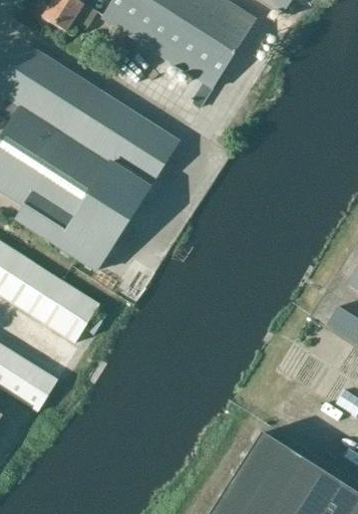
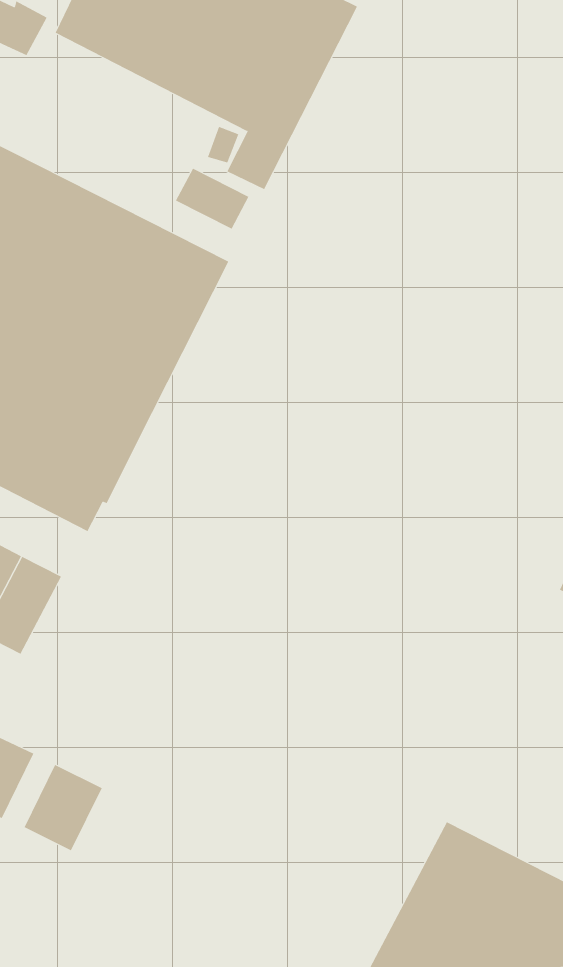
building: none -> [175,168,249,230]
building: [55,291,97,340] -> none
building: none -> [24,764,102,851]

